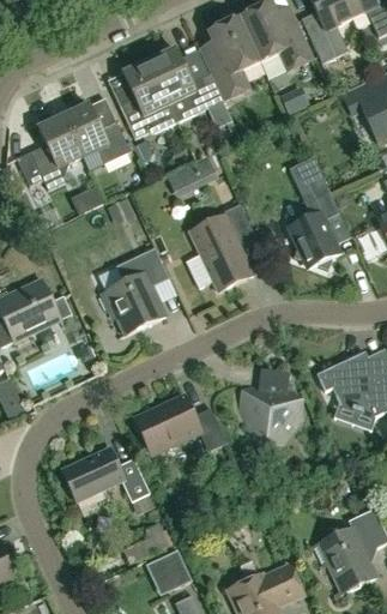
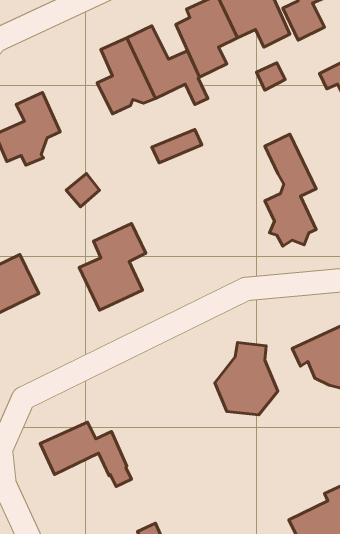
building: [65,104,131,163] -> none
building: [186,203,255,290] -> none
building: [135,395,226,452] -> none

